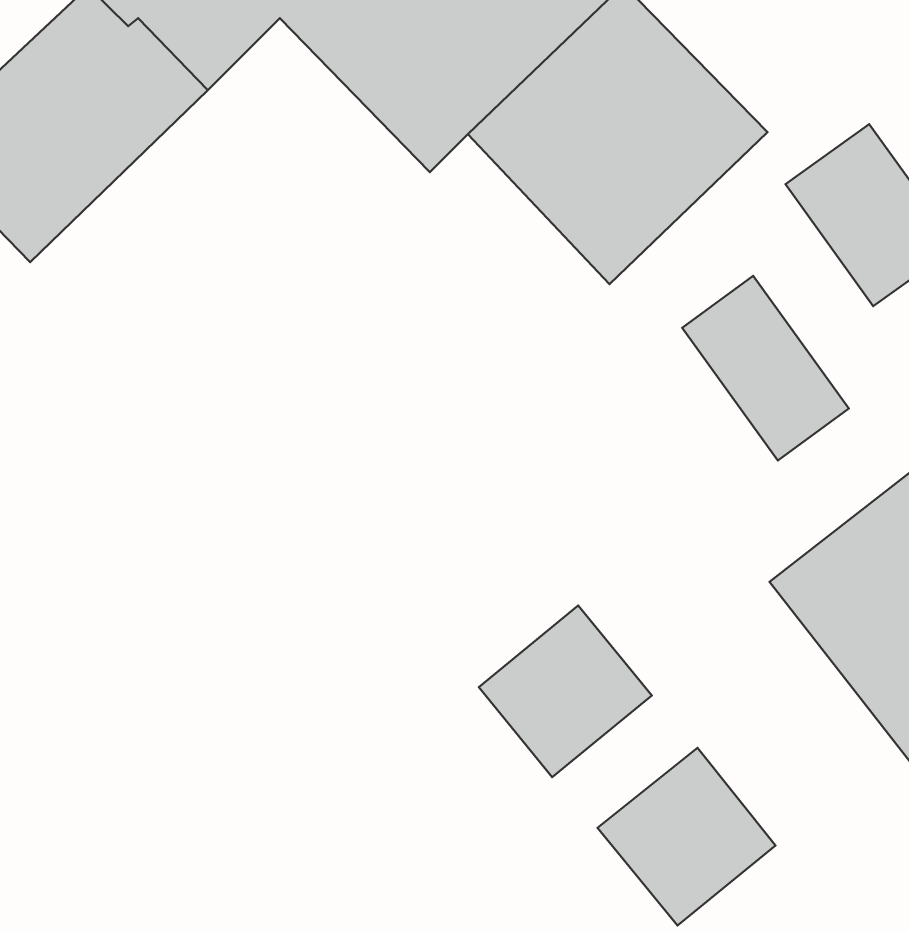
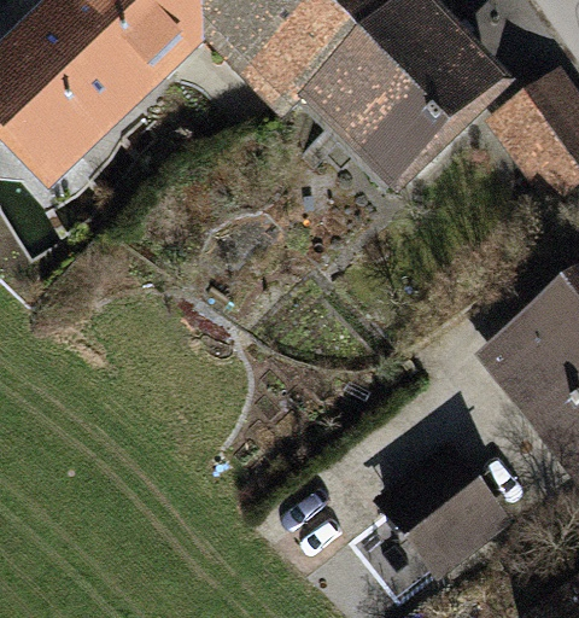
building: [682,276,849,461] -> none
building: [479,605,652,777] -> none

